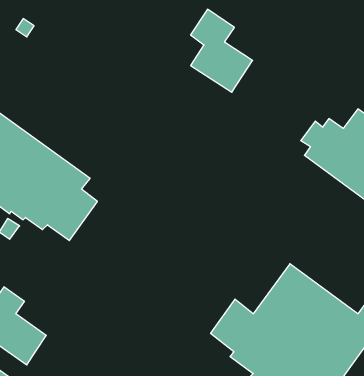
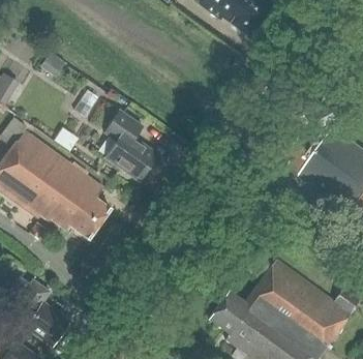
building: [191,9,253,92] -> [104,111,157,181]

